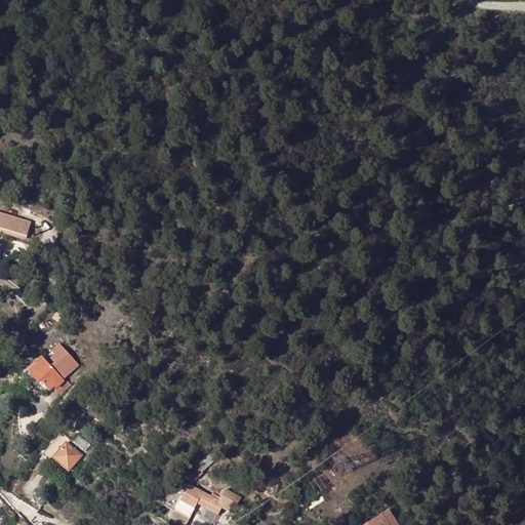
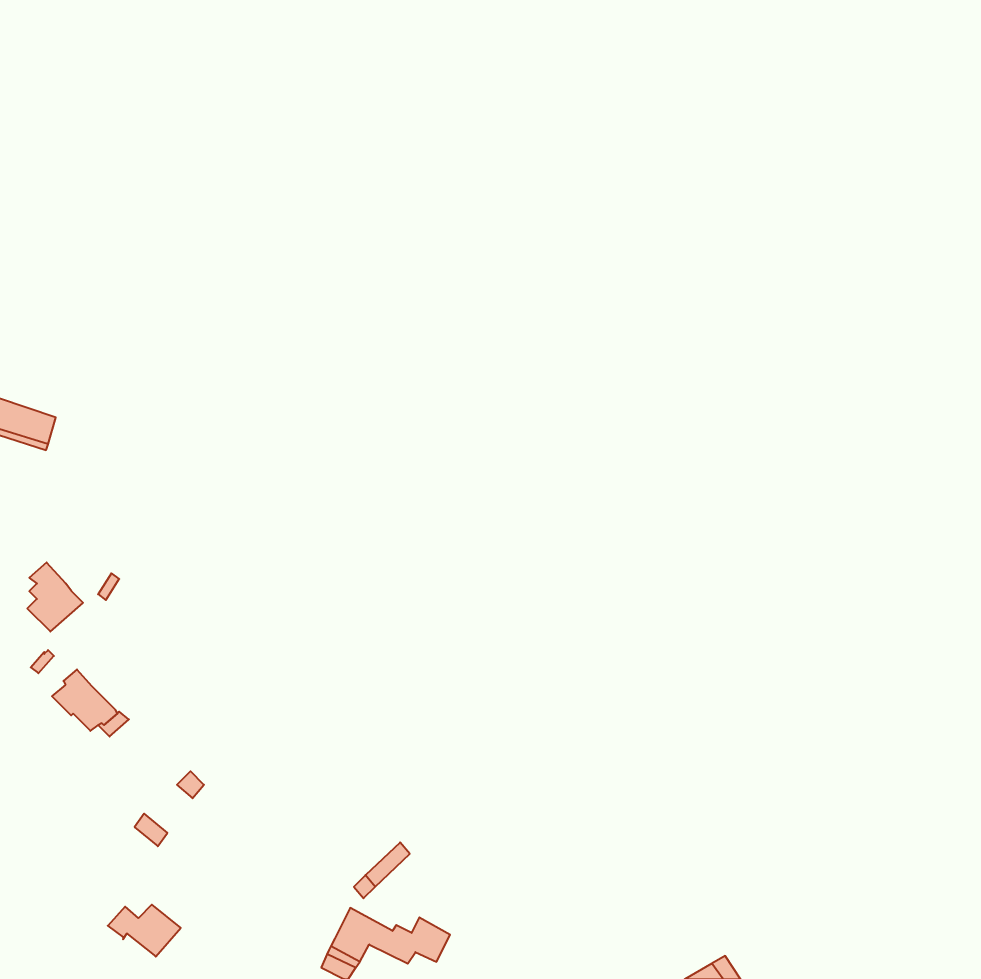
building: [49,341,79,378] -> [27,562,83,632]
building: [41,442,80,470] -> [108,905,181,957]

